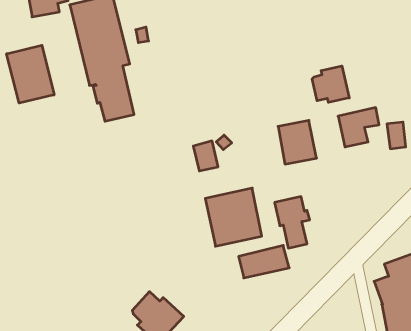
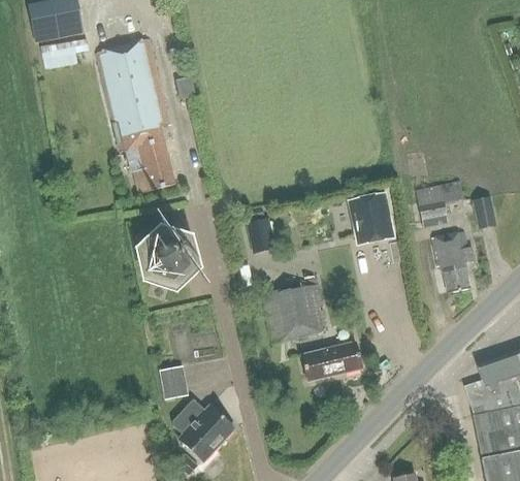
building: [7,45,54,103] -> none
building: [312,66,349,102] -> none
building: none -> [134,224,201,293]
building: [275,197,310,248] -> [431,231,474,293]
building: none -> [159,365,188,398]

